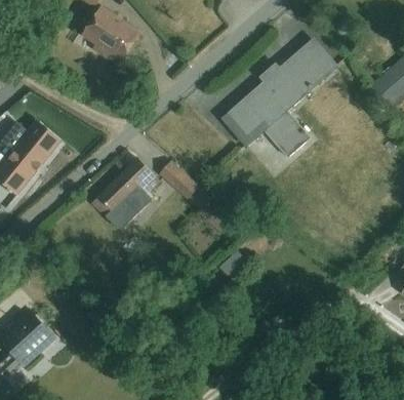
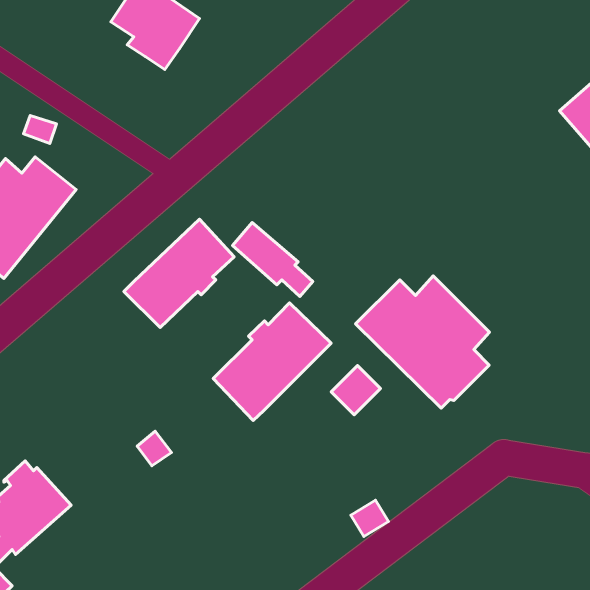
building: [224,40,336,157] -> none
building: none -> [356,276,490,408]
building: none -> [213,303,331,420]

